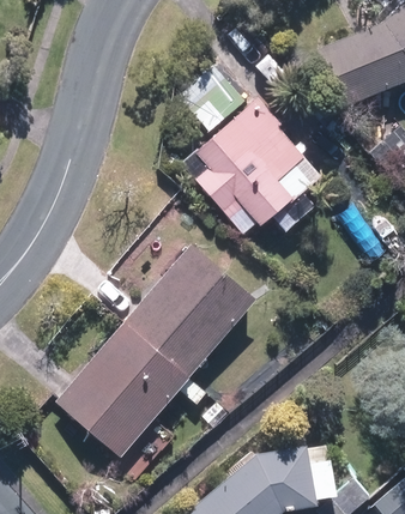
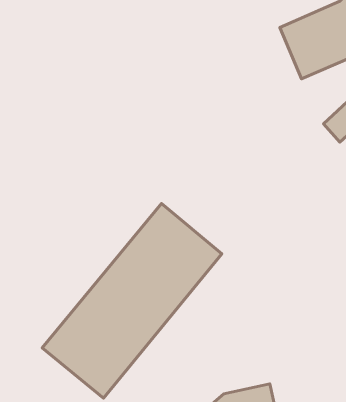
building: [195,102,324,231] -> none

